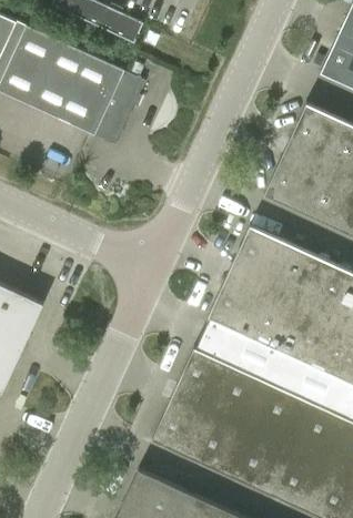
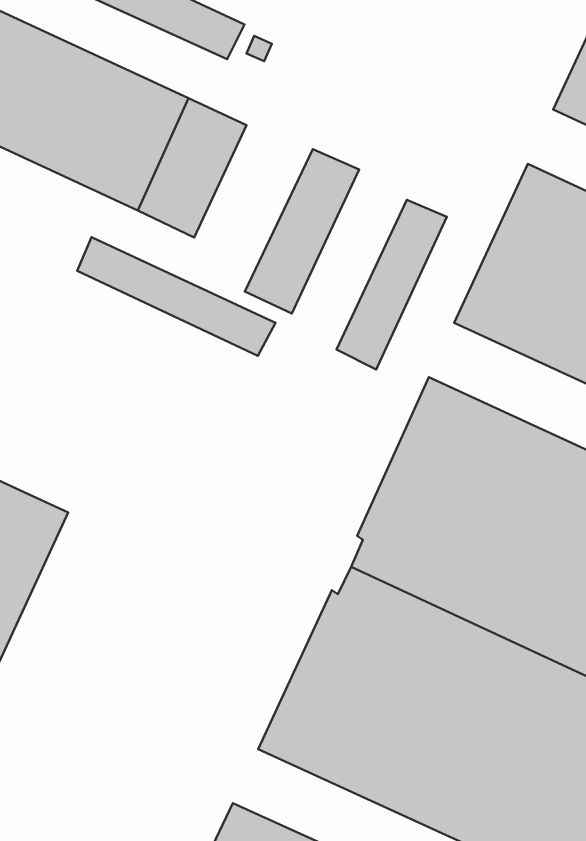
building: none -> [245,149,359,313]
building: none -> [337,200,447,369]
building: none -> [77,237,275,356]

